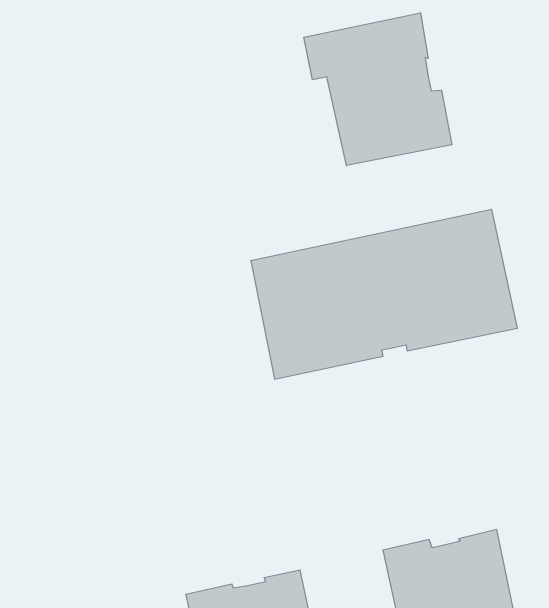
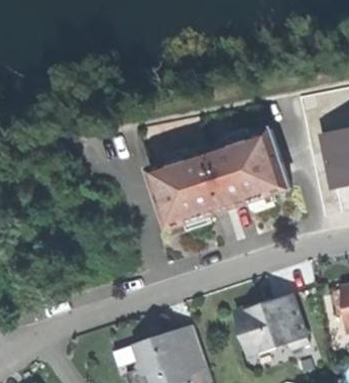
building: [304,13,452,166] -> none

